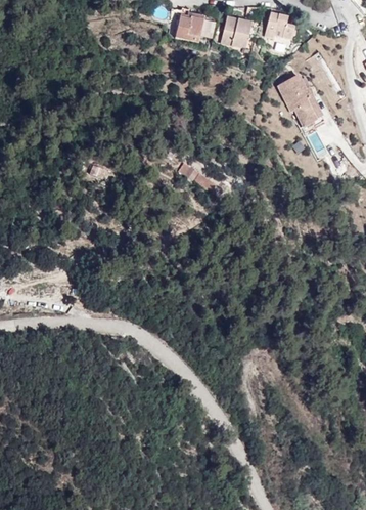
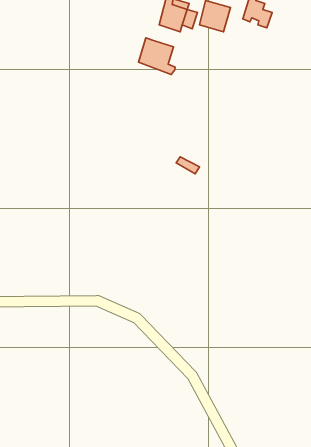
building: none -> [138,38,175,74]
building: [280,82,320,129] -> none

